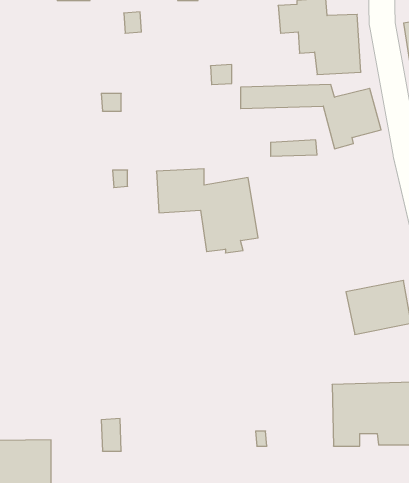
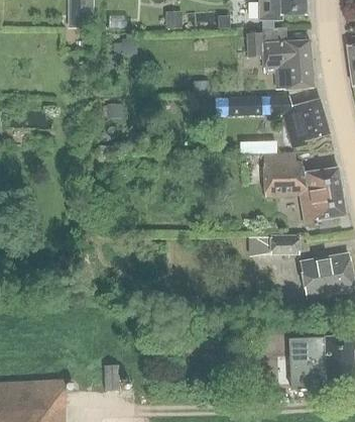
building: [156,169,258,253] -> [263,160,345,227]
building: none -> [270,234,298,254]

